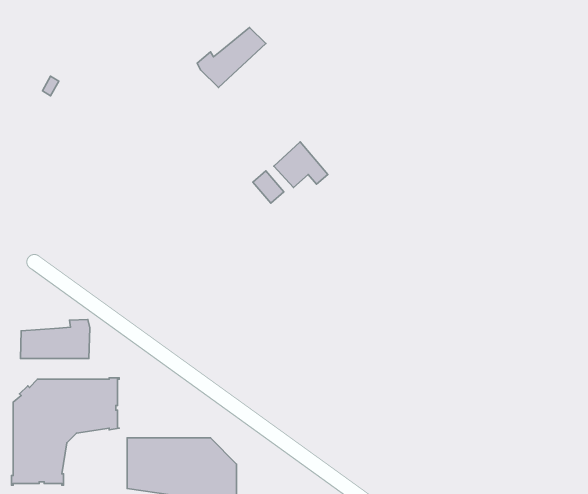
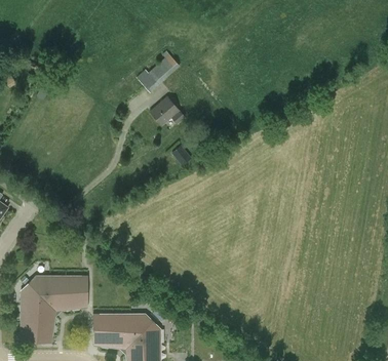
building: [274,142,328,187] -> [150,96,184,125]
building: [20,320,90,358] -> none

